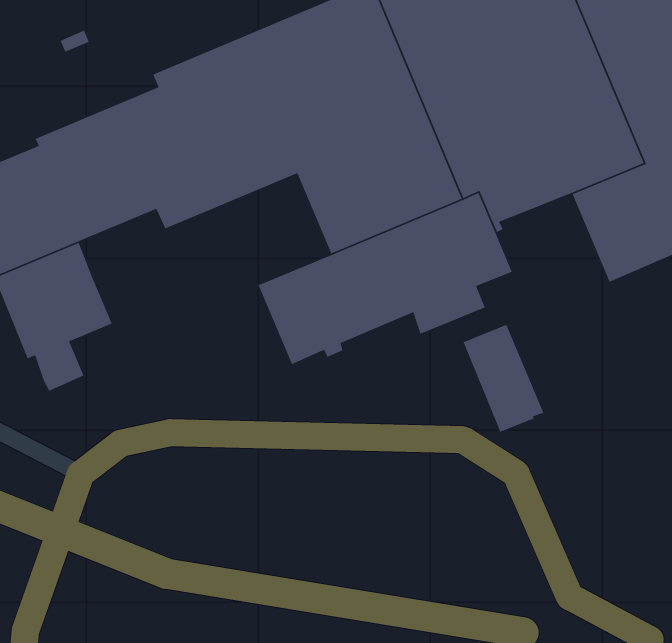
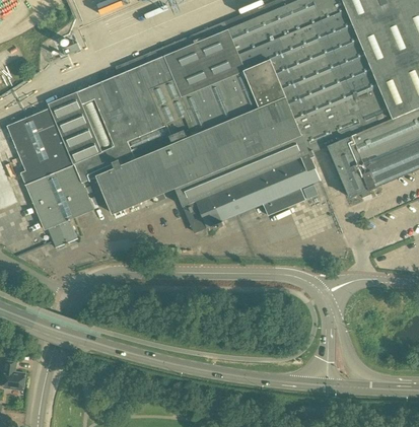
building: none -> [74,125,217,214]
building: [462,324,544,433] -> [329,136,375,198]

